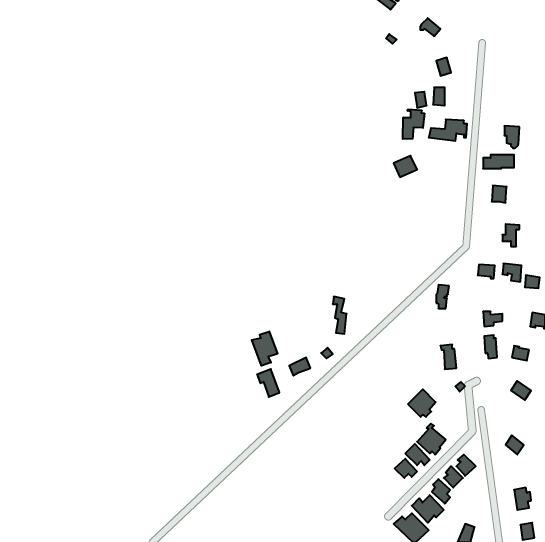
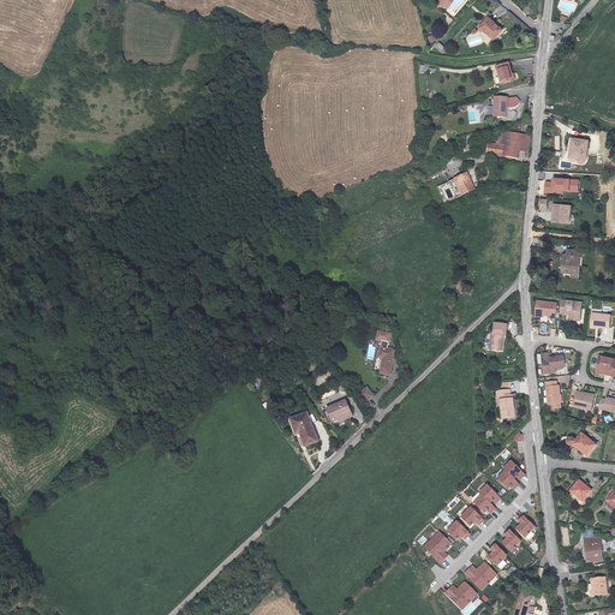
building: [403,109,424,139] -> none
building: [252,331,278,366] -> none
building: [408,389,436,417] -> [494,456,525,488]
building: none -> [422,527,452,561]

